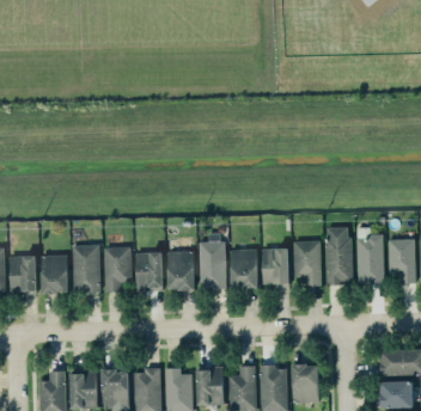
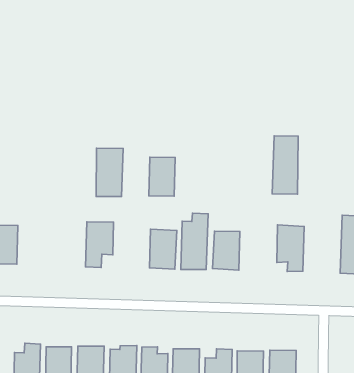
building: [325,226,352,284] -> [272,136,298,194]
building: [72,244,99,293] -> [96,148,123,197]
building: [262,247,289,286] -> none
building: [136,251,163,290] -> [149,157,175,196]
building: [41,254,68,293] -> none

